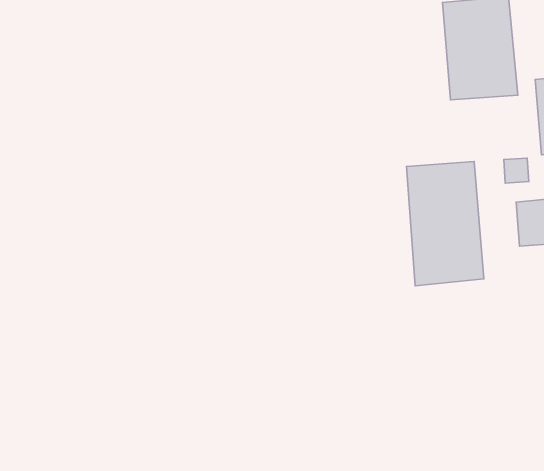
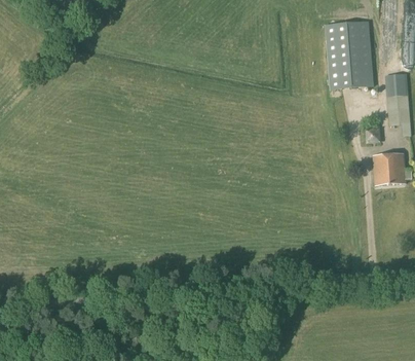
building: [407,162,484,286] -> none

